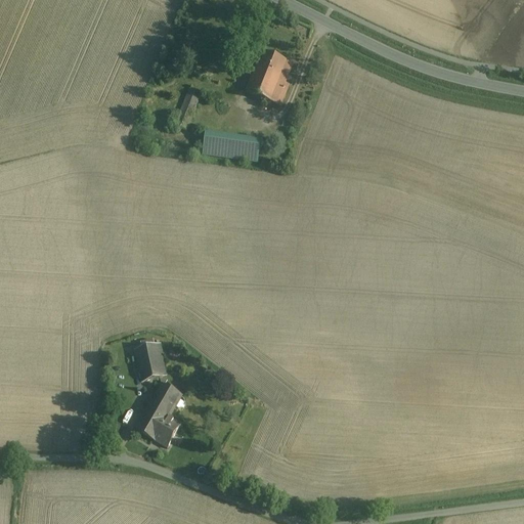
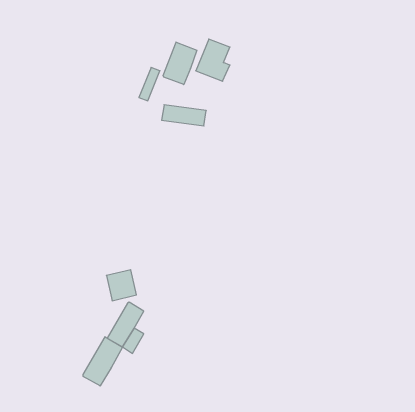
building: none -> [163,42,197,85]
building: none -> [83,337,122,386]

